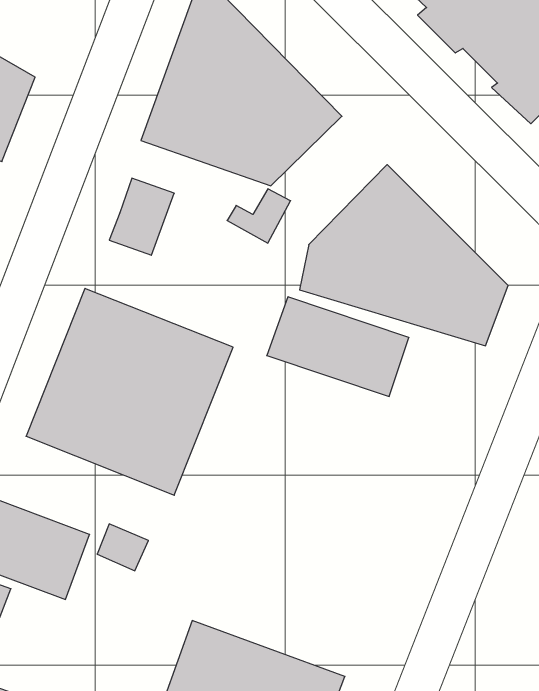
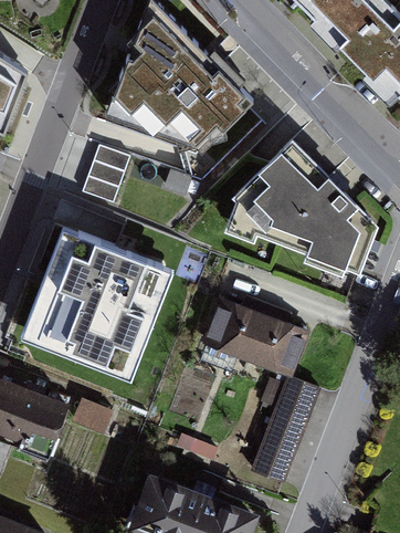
building: [267,297,409,396] -> [206,302,309,375]
building: none -> [252,377,316,479]

